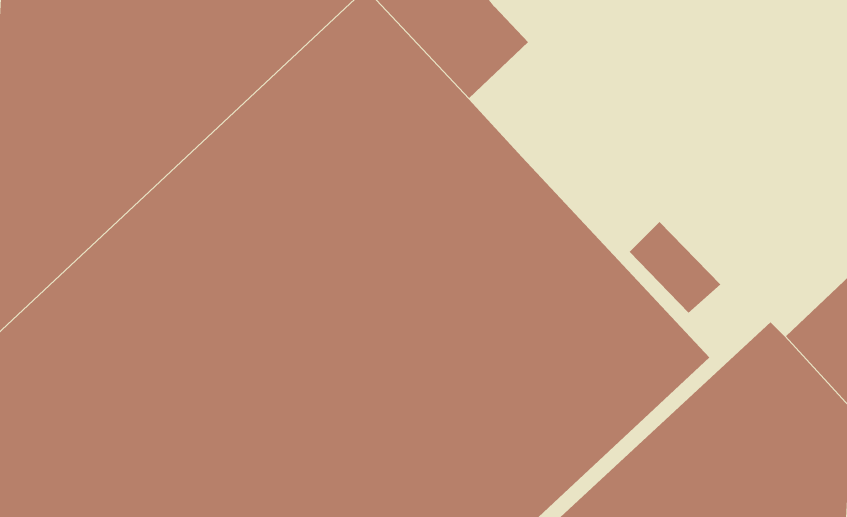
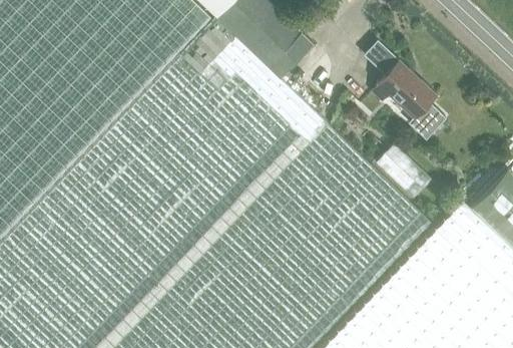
building: none -> [362,40,446,139]

